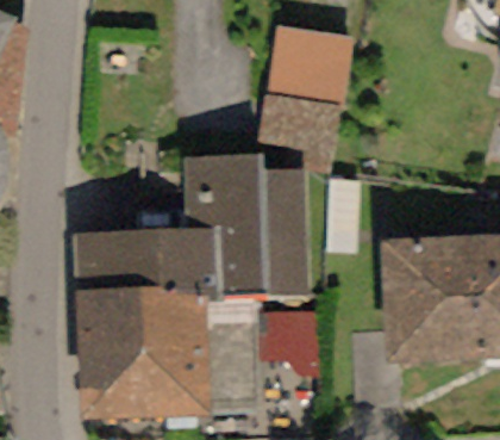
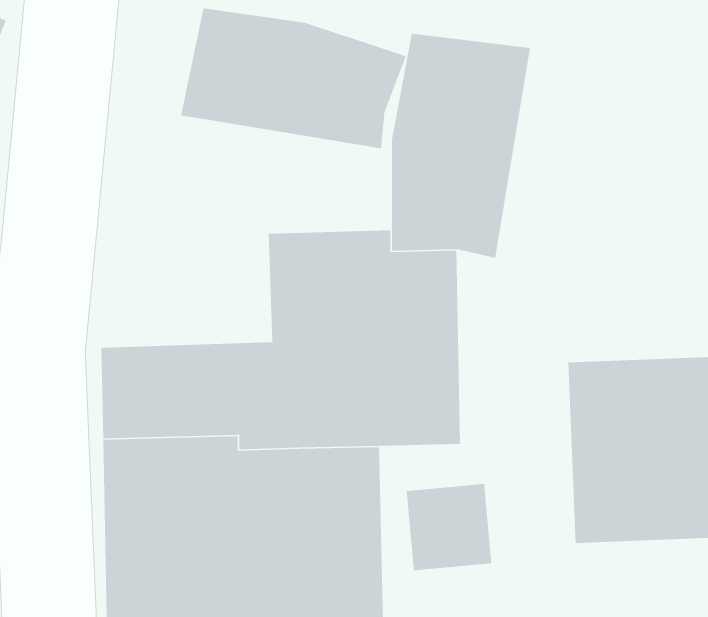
building: none -> [180,8,407,149]

